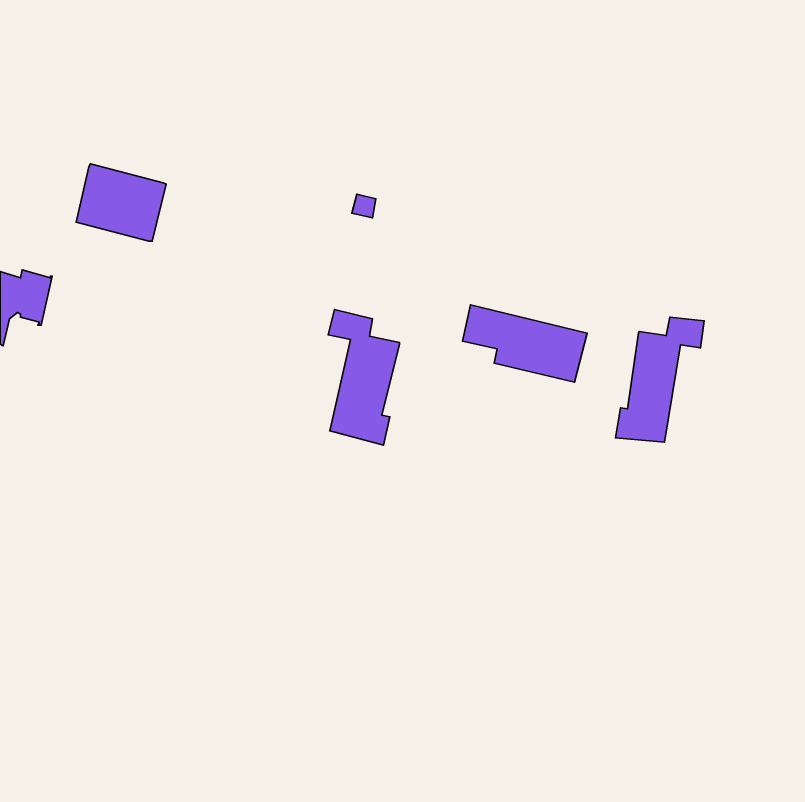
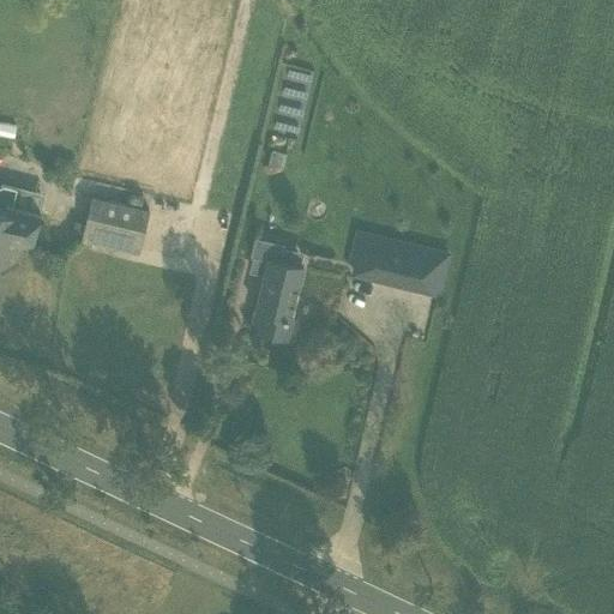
building: [76,164,166,241] -> [82,197,150,255]
building: [615,317,704,442] -> none

